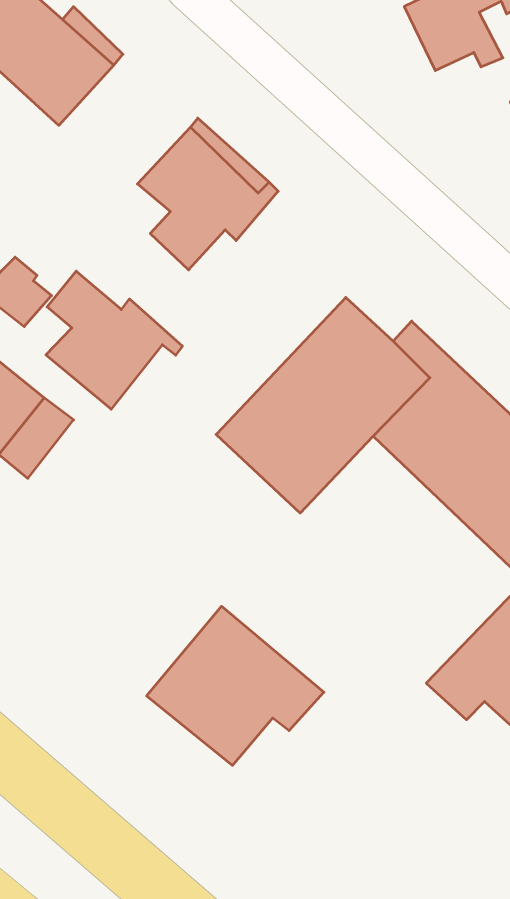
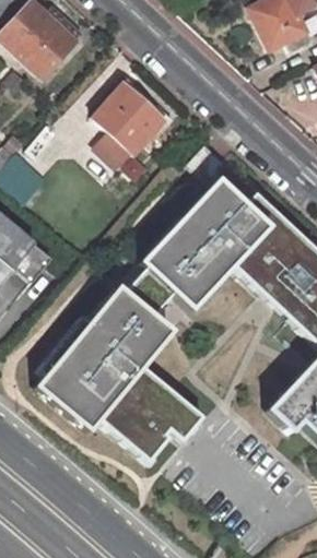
building: [46,271,182,409] -> none
building: none -> [35,288,171,431]

